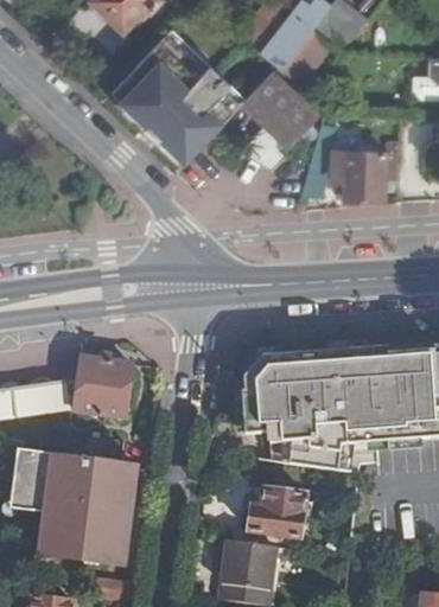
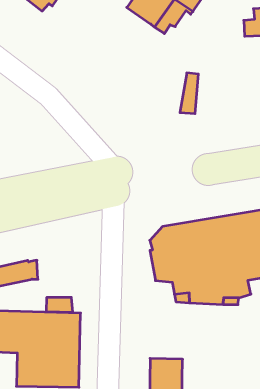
building: [112,41,233,161] -> none
building: [241,69,317,166] -> none
building: [341,152,388,197] -> none
building: [79,360,133,416] -> none
building: [253,490,308,539] -> none

